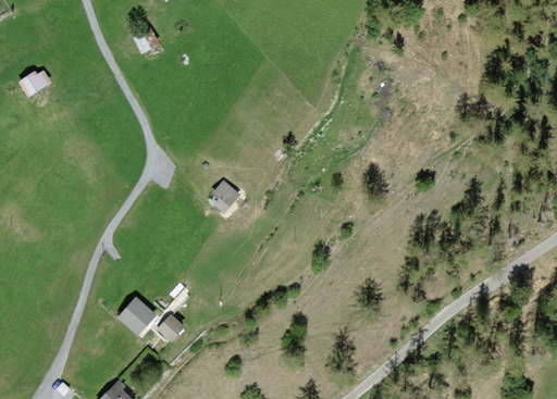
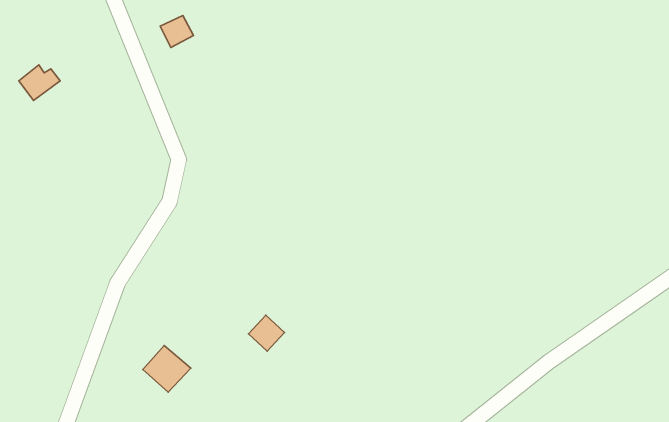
building: [212,180,239,213] -> none
building: [157,314,186,344] -> [249,315,285,351]

